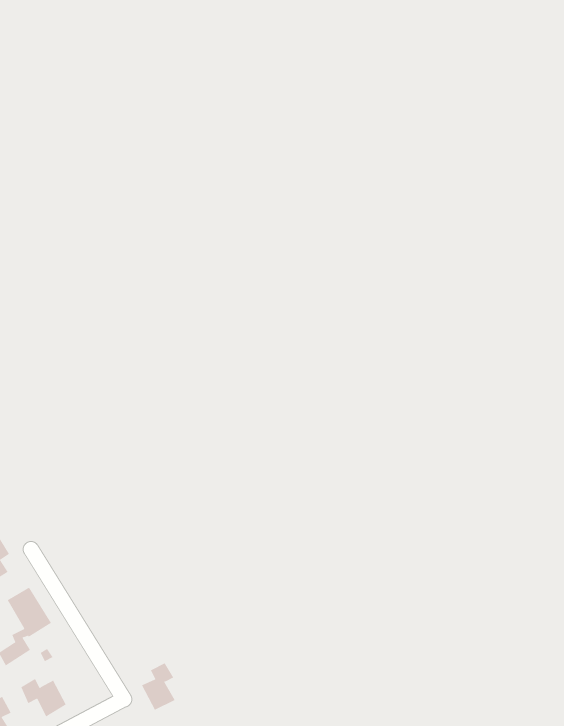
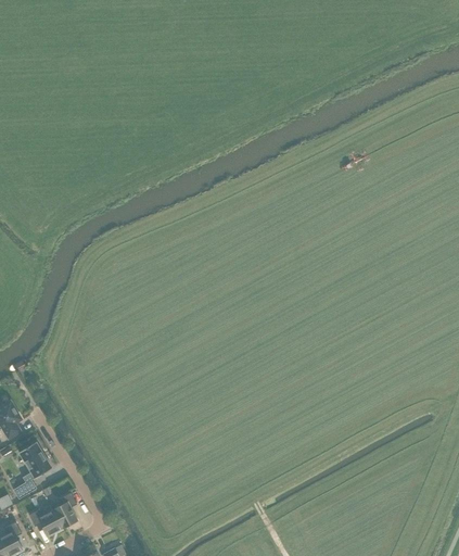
building: [141,663,176,711] -> [52,494,77,529]

